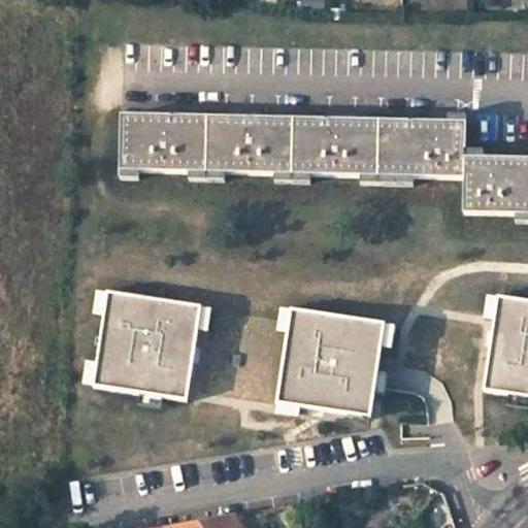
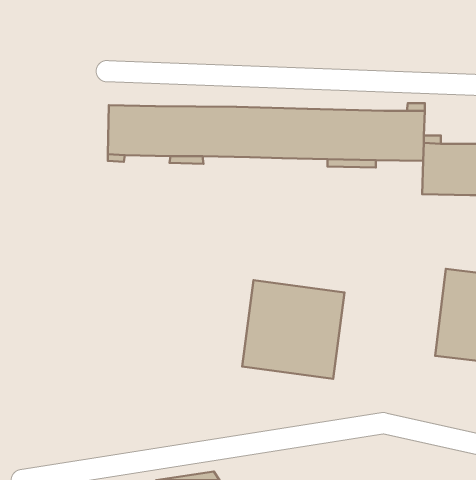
building: [88,290,202,396] -> none

